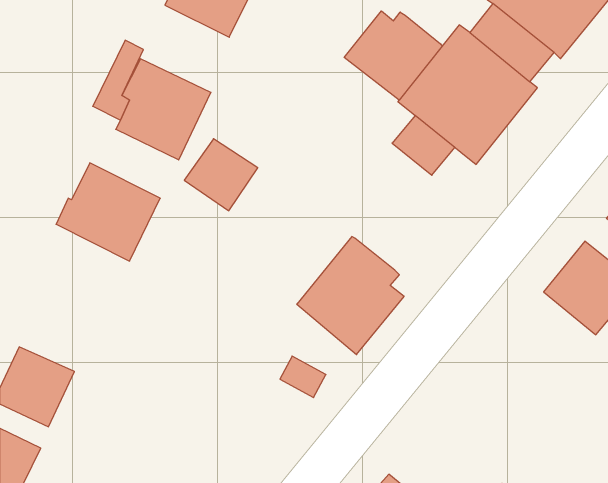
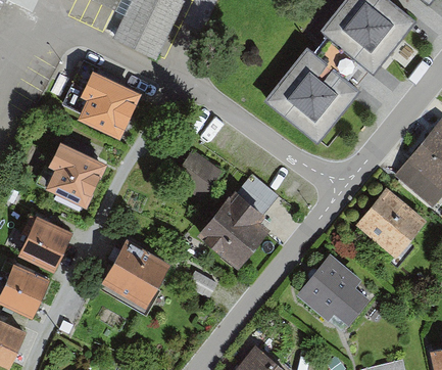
building: [344,11,442,100] -> none
building: [392,115,455,175] -> [237,173,279,213]
building: [184,139,258,211] -> [174,150,223,198]
building: none -> [20,214,72,271]
building: none -> [103,241,170,307]
building: none -> [296,251,371,325]

